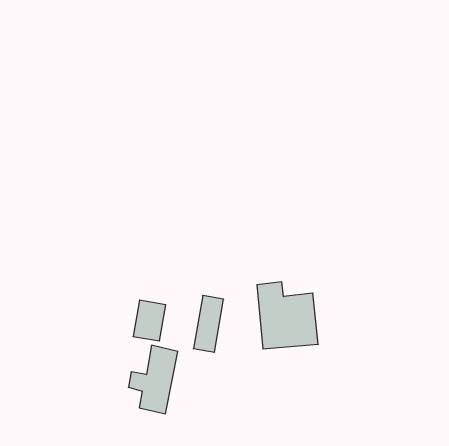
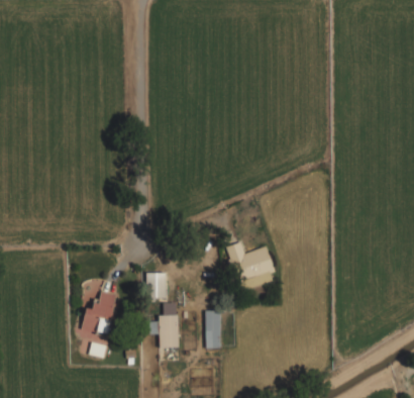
building: [193,296,224,352] -> [205,310,220,349]
building: none -> [82,292,115,334]

